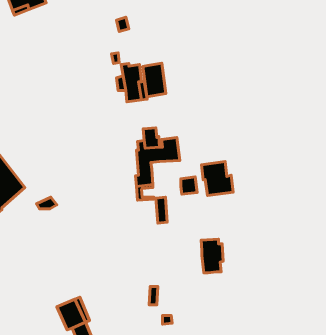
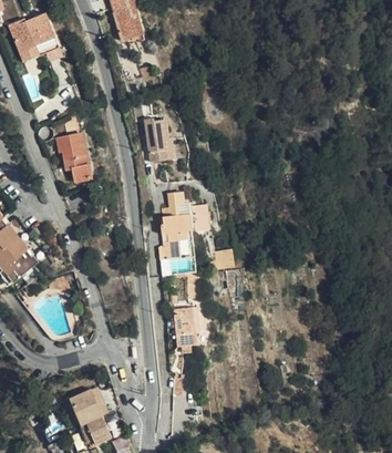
building: [143,63,166,97] -> none
building: none -> [60,131,93,177]
building: [201,162,233,195] -> none
building: [201,239,223,273] -> [175,307,200,346]

